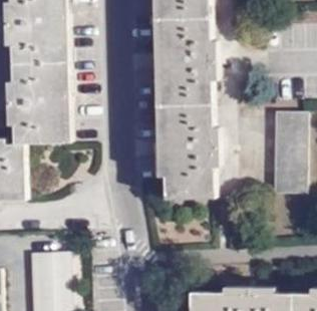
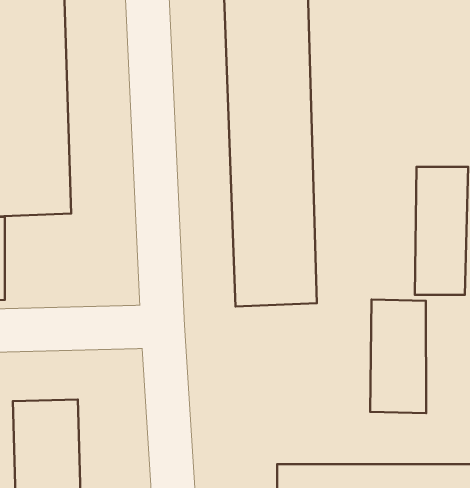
building: none -> [370,299,426,413]

